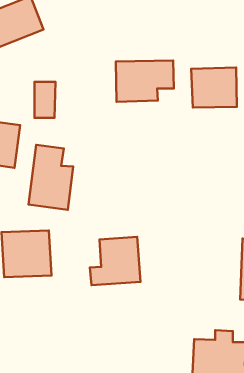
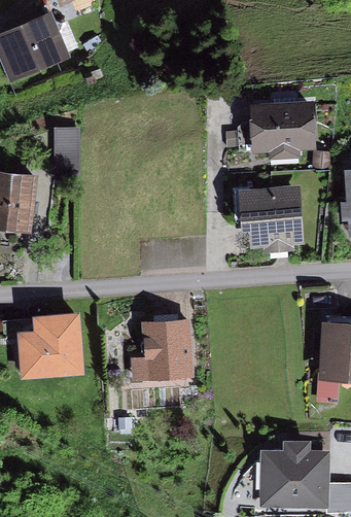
building: [116,60,174,102] -> none
building: none -> [244,188,304,245]
building: [28,145,73,210] -> none

